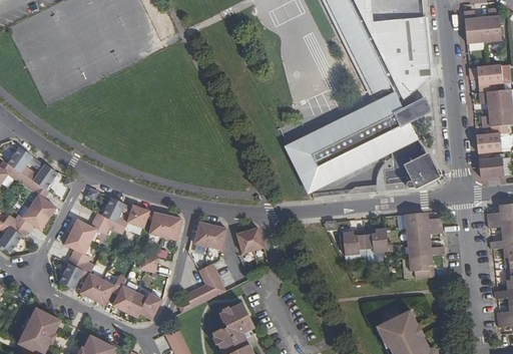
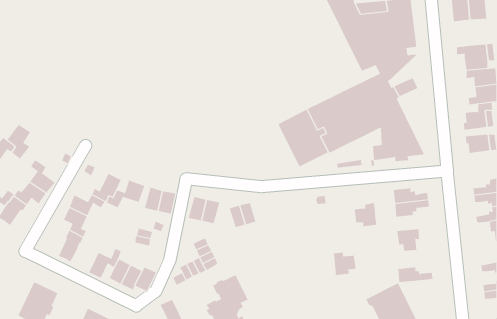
building: [21,163,57,190] -> none
building: [342,231,366,255] -> [333,252,357,276]
building: [407,240,444,256] -> [398,267,434,282]
building: [79,261,101,299] -> none

